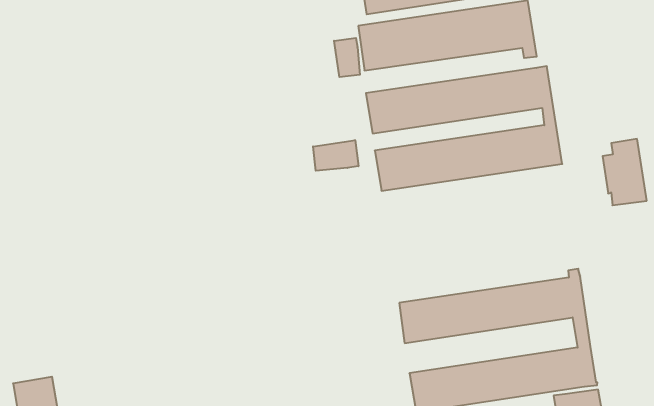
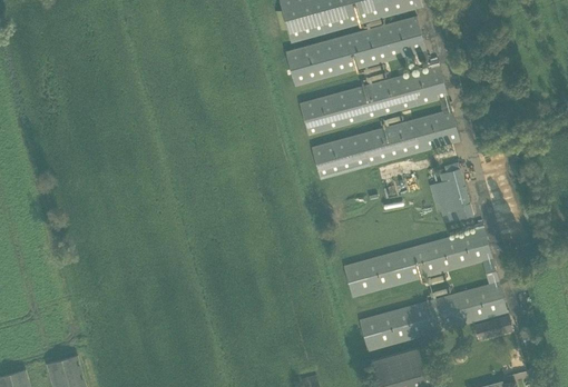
building: [334,38,360,77] -> none
building: [603,139,647,205] -> [433,167,472,221]
building: [313,140,358,171] -> none

